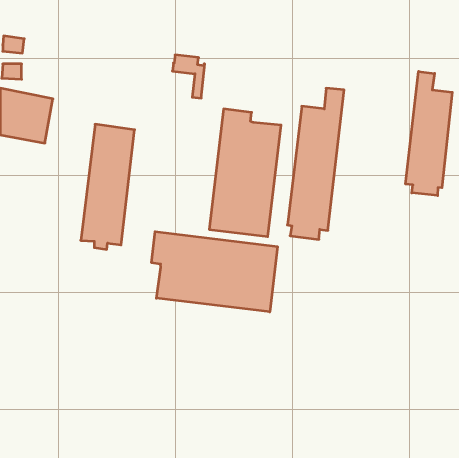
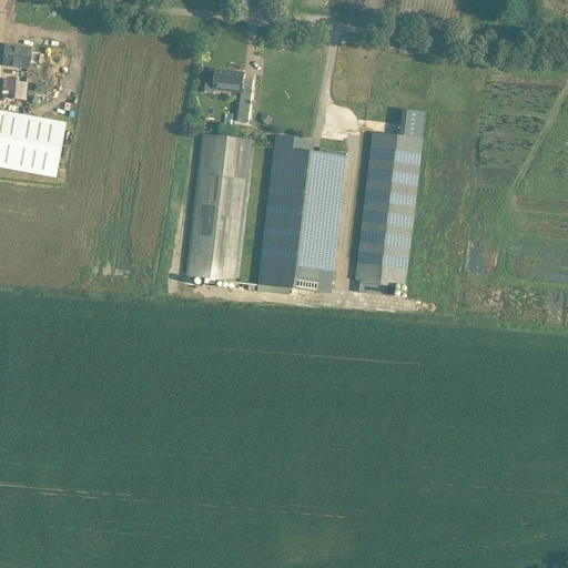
building: [406,71,452,196] -> none
building: [81,124,135,249] -> [185,132,252,286]
building: [152,232,277,312] -> none

